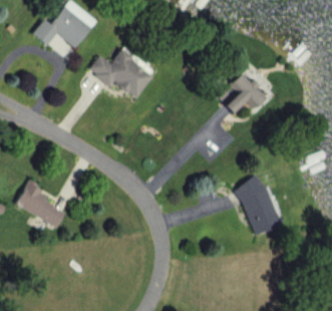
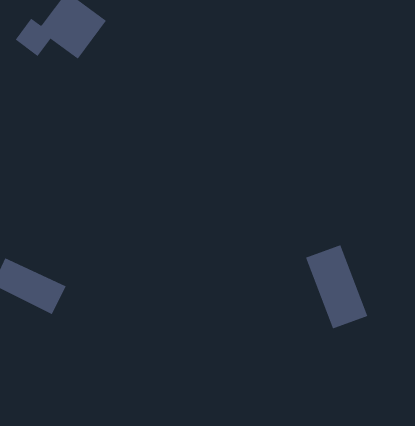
building: [89,49,154,98] -> none
building: [218,70,263,117] -> none

